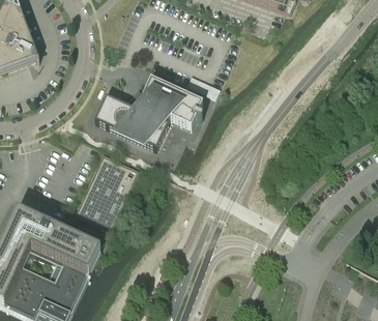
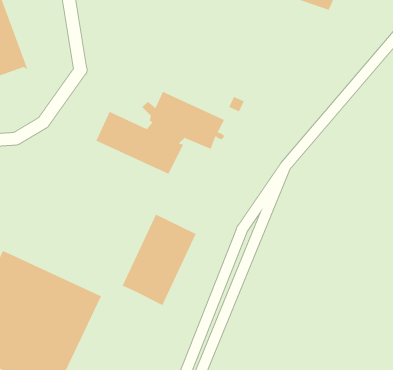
building: [77,151,139,228] -> [122,214,196,306]

